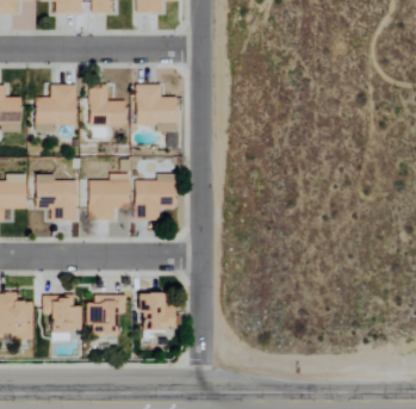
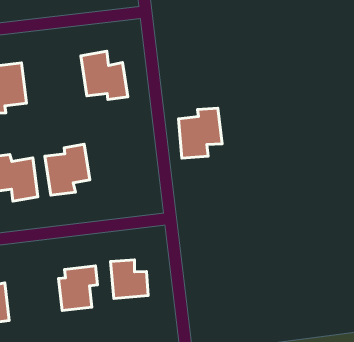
building: [91,85,128,125] -> none
building: [135,173,176,221] -> [178,108,222,158]
building: [43,295,83,341] -> none

